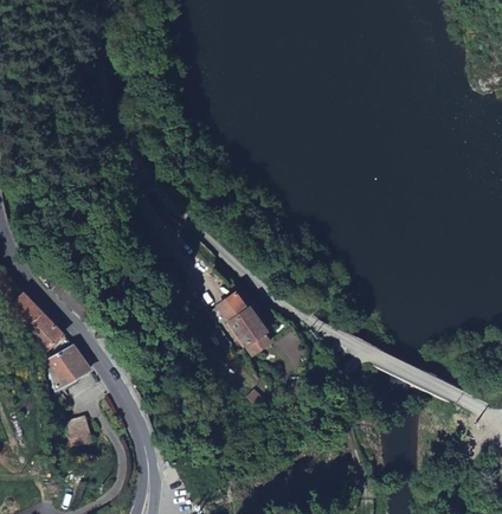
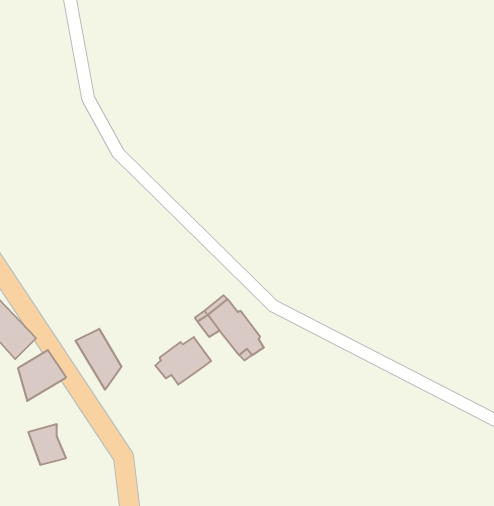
building: none -> [75,329,122,390]
building: none -> [155,337,211,385]

